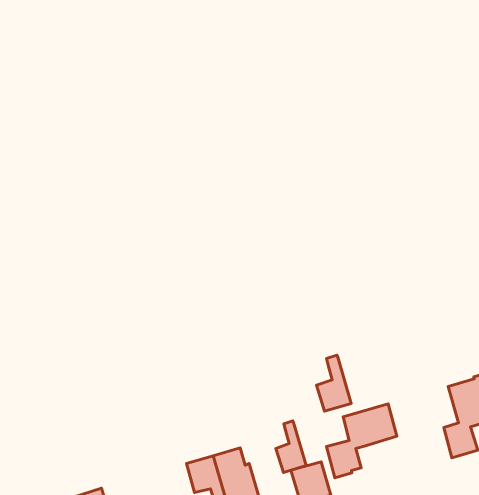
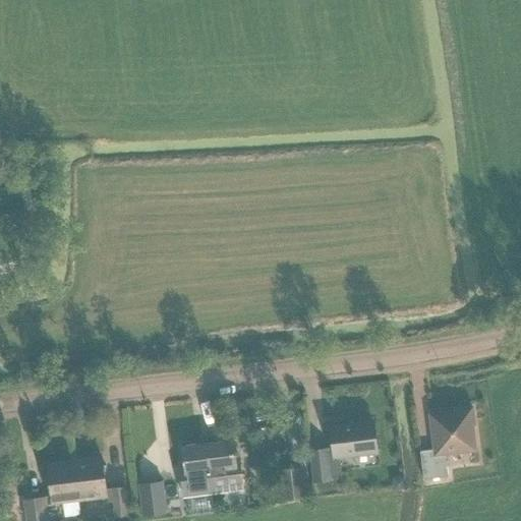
building: [317,355,351,411] -> none
building: [276,421,306,472] -> none

